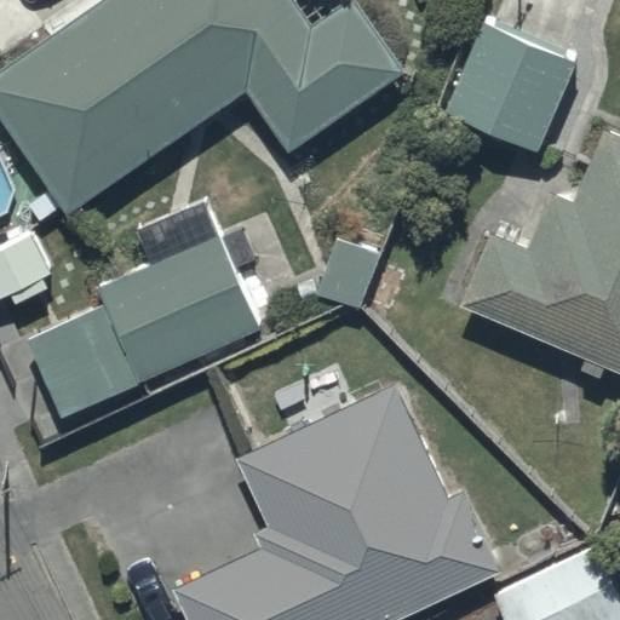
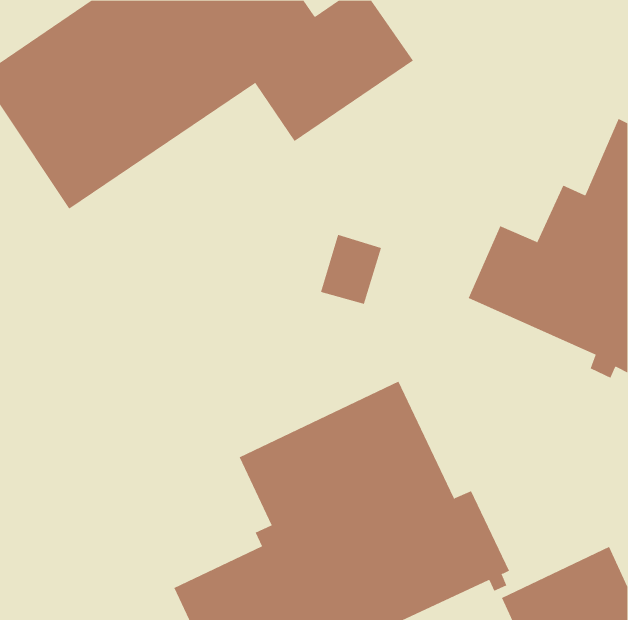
building: [444,18,581,153] -> none
building: [27,202,260,419] -> none

